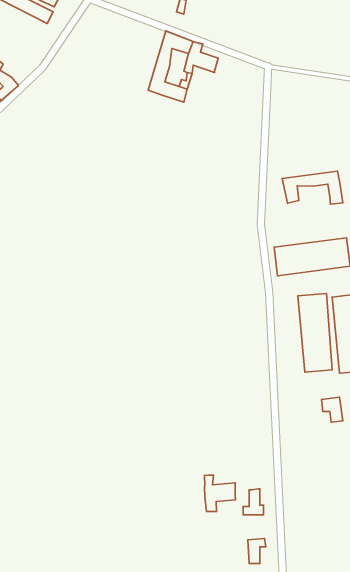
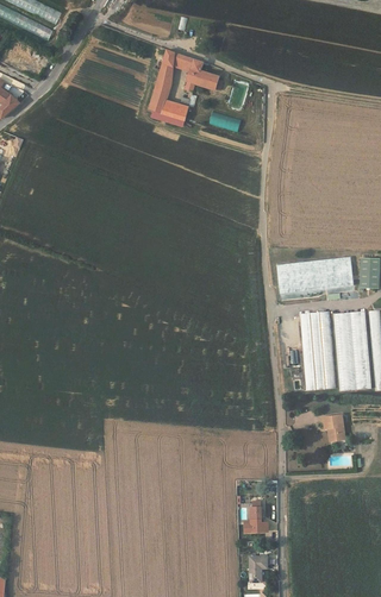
building: [282,171,343,204] -> none
building: [205,475,235,511] -> none

